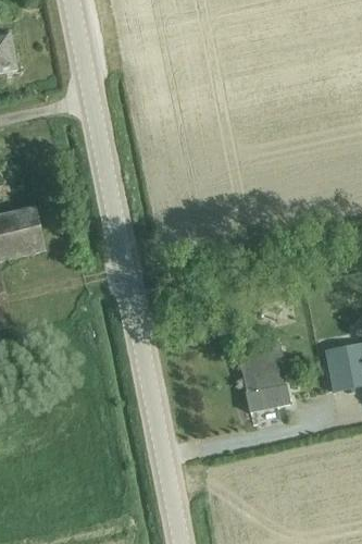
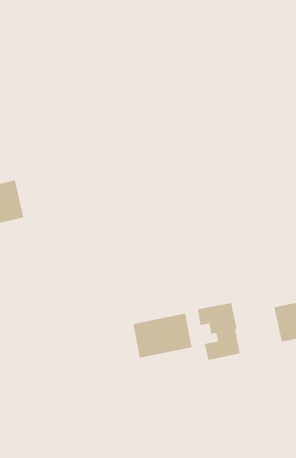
building: none -> [133,313,192,359]

